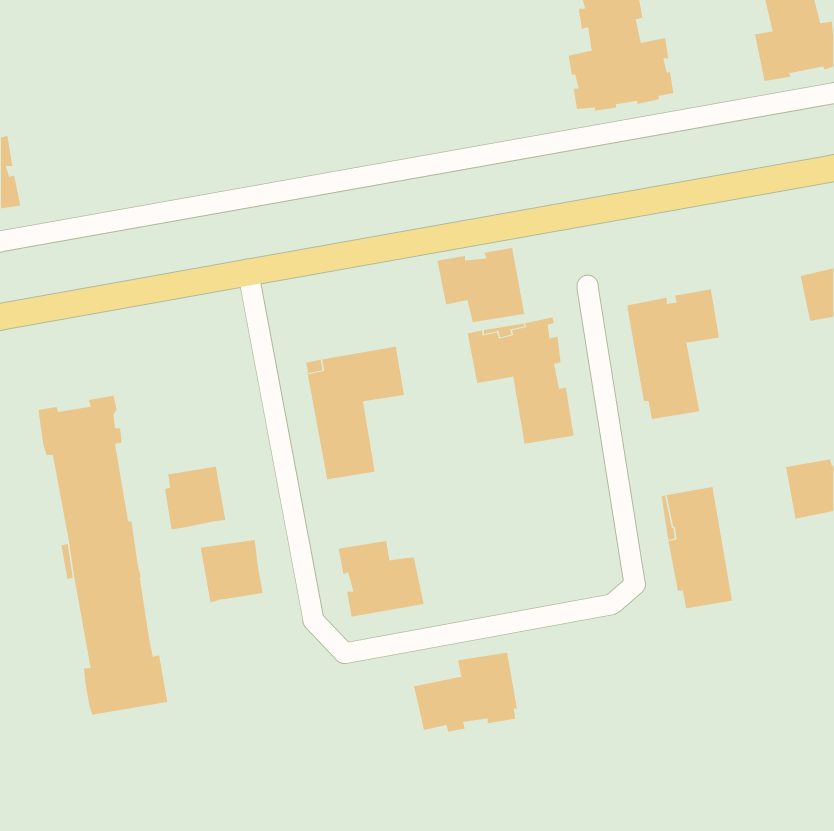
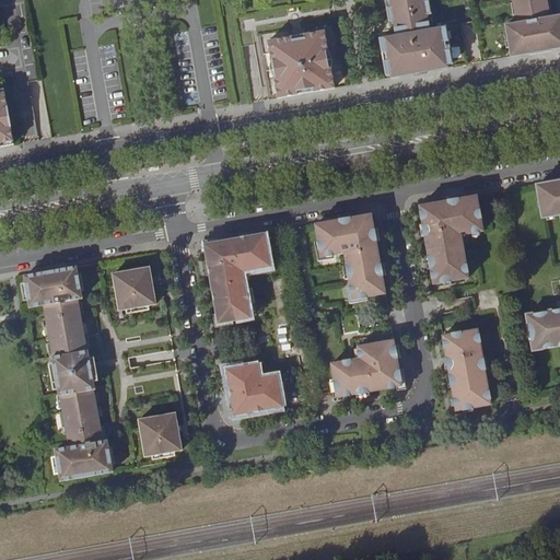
building: none -> [268,30,335,96]
building: [437,247,525,323] -> none
building: [164,466,226,530] -> [115,266,156,308]
building: [200,539,264,603] -> [139,412,182,455]
building: [413,652,518,732] -> [330,339,400,393]

